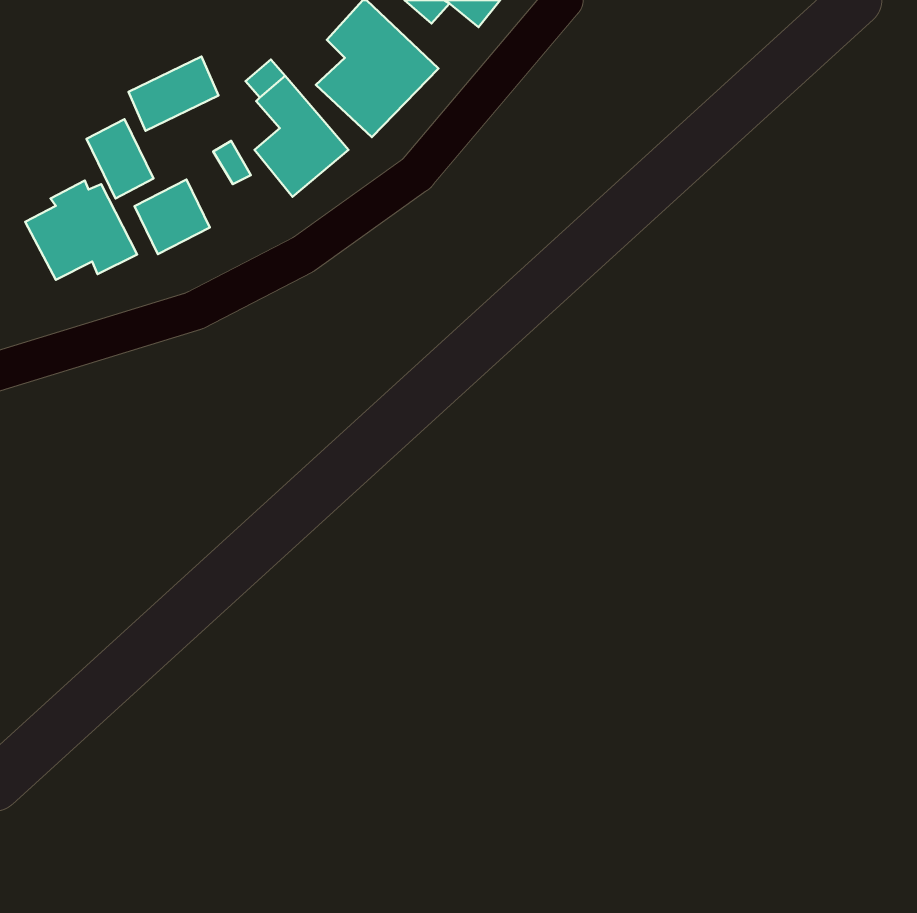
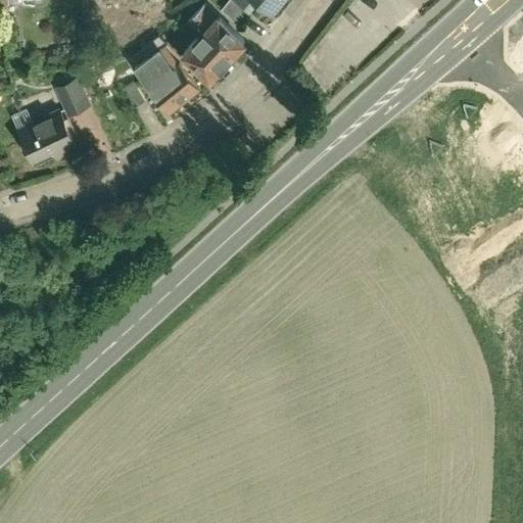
building: [129,56,219,131] -> none
building: [134,180,210,254] -> none

